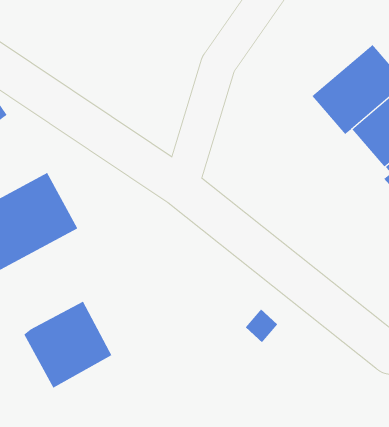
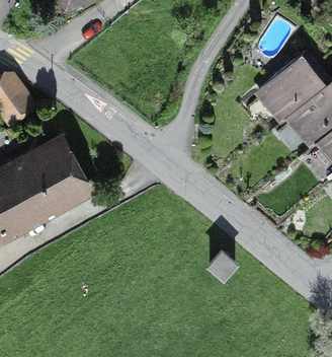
building: [23,301,113,389] -> none

